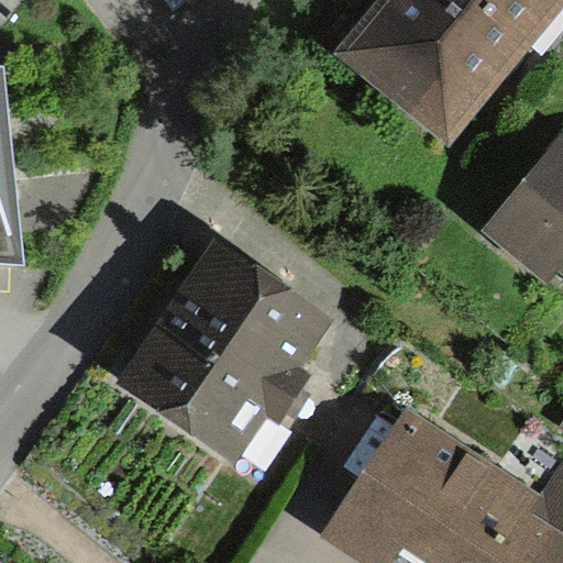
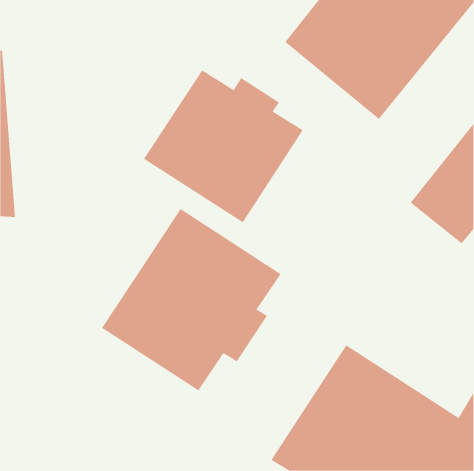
building: none -> [143,70,304,223]

